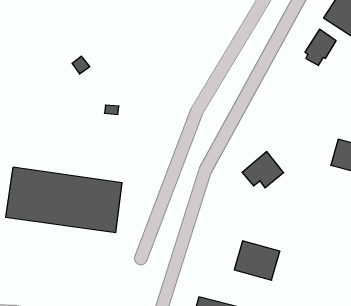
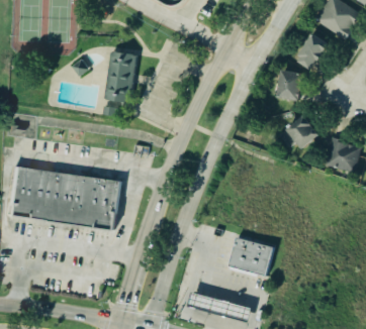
building: none -> [104,49,140,101]
building: none -> [278,70,304,101]
building: [242,152,284,188] -> [280,114,321,149]

